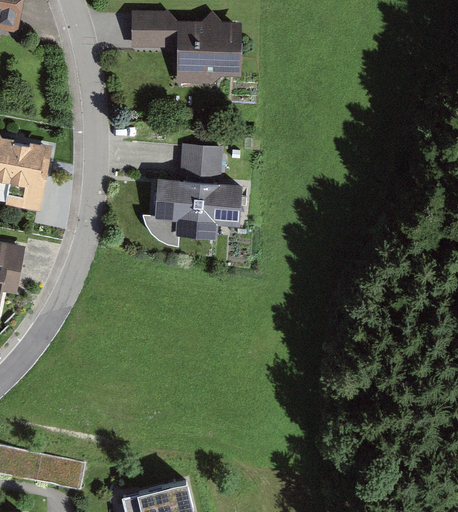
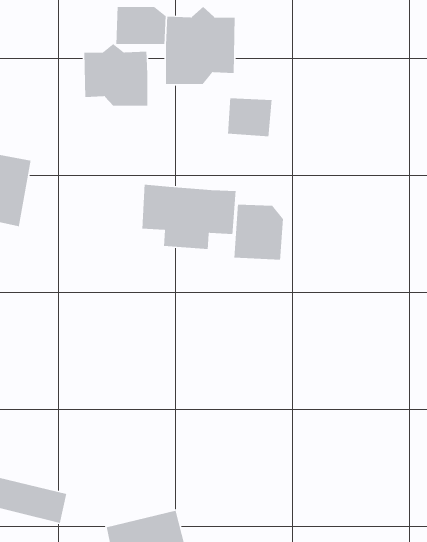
building: none -> [83,43,148,106]
building: [179,144,221,181] -> [227,97,273,137]
building: none -> [233,204,284,260]

